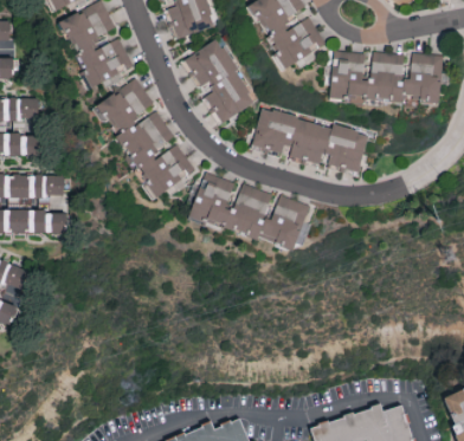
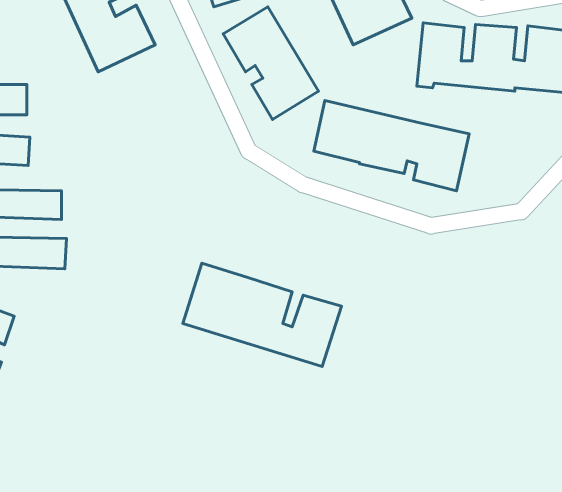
building: [95,79,196,199] -> none
building: [189,173,308,249] -> [183,263,341,366]

